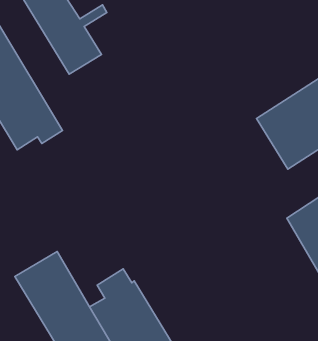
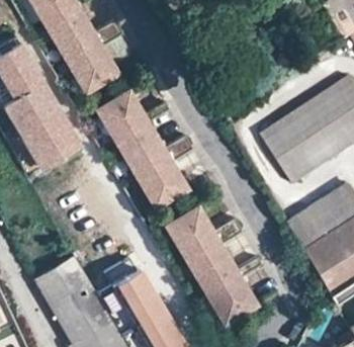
building: none -> [98,90,193,206]
building: none -> [168,205,263,322]

